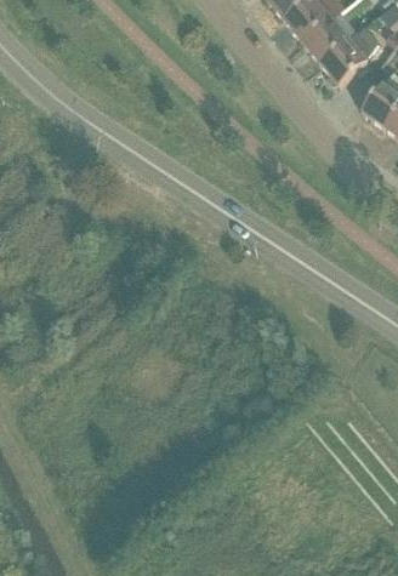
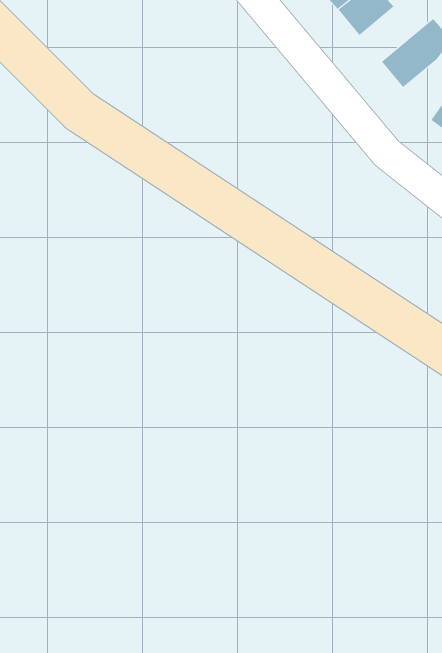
building: [303,16,351,62] -> none

